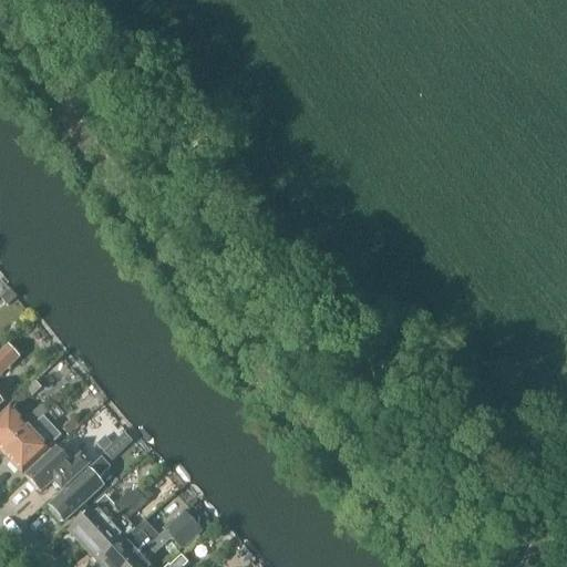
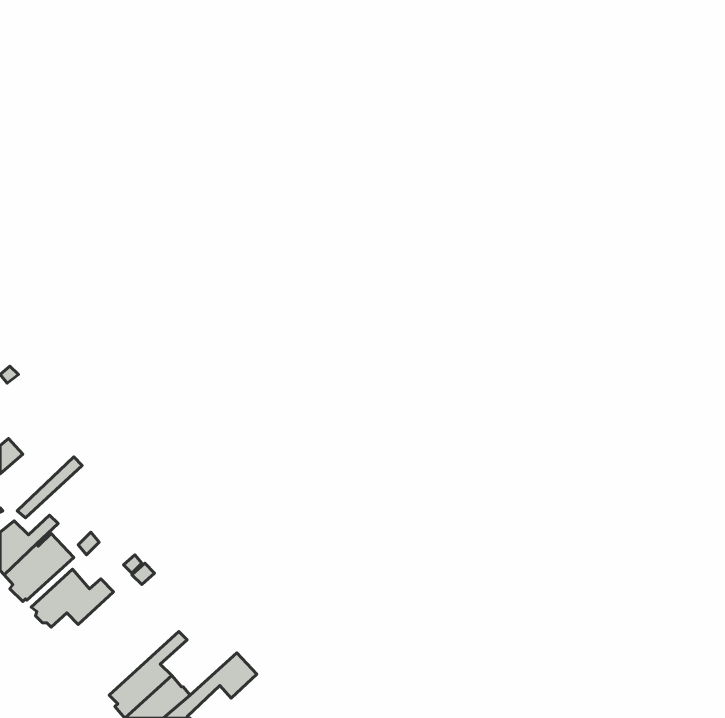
building: [49,454,110,518] -> none
building: [70,485,140,543] -> none

